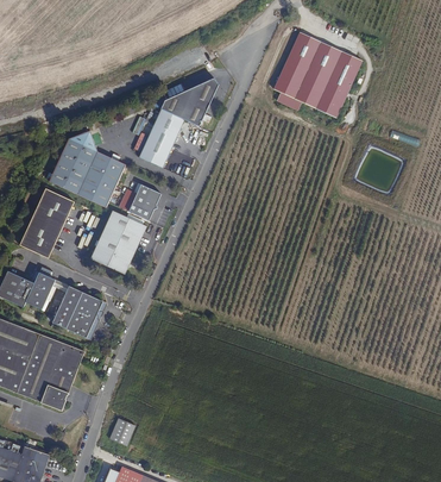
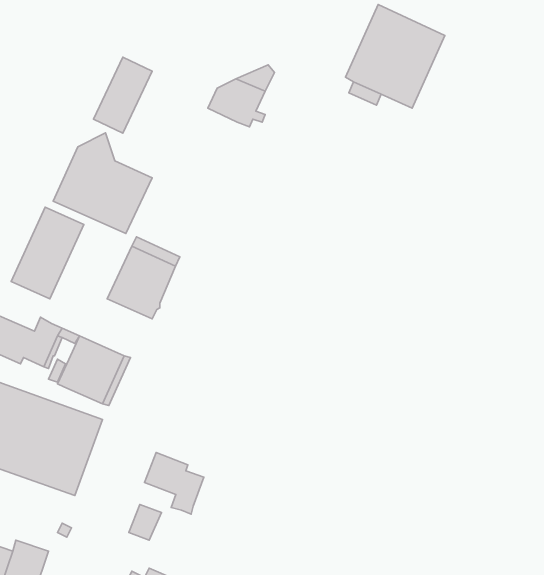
building: [146,112,191,170] -> [93,57,152,133]
building: [128,184,162,220] -> none
building: none -> [144,453,204,514]

